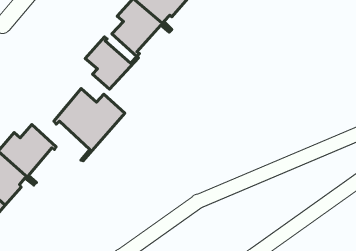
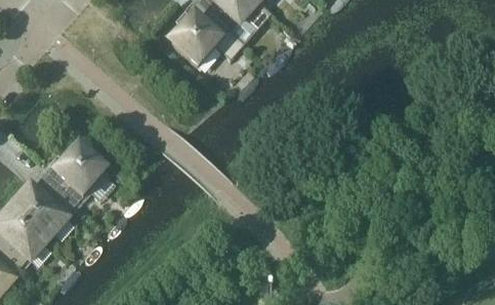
building: [85,37,139,89] -> none
building: [54,88,125,161] -> none

